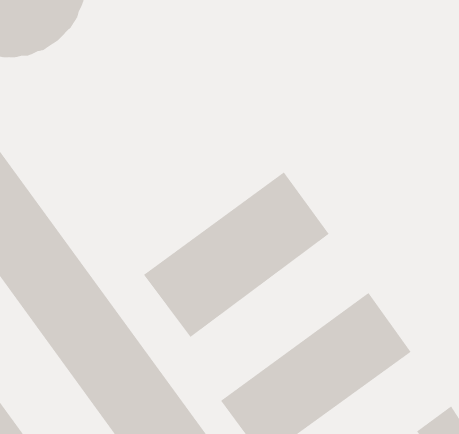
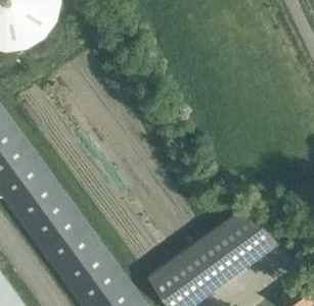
building: [143,171,329,338] -> none

